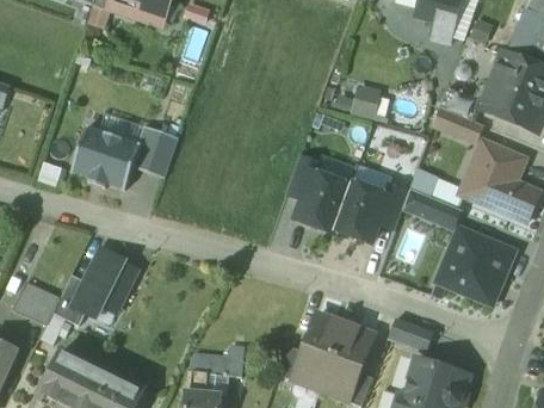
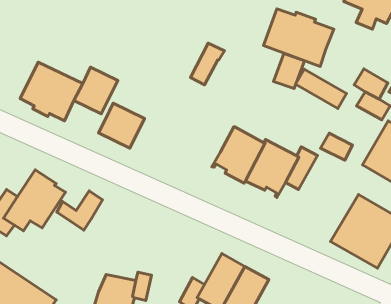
building: none -> [264,9,334,67]
building: [285,154,319,200] -> [190,43,224,85]
building: none -> [98,103,145,148]
building: [404,190,462,228] -> [296,69,346,108]
building: none -> [57,191,103,230]
building: [388,317,431,348] -> none

